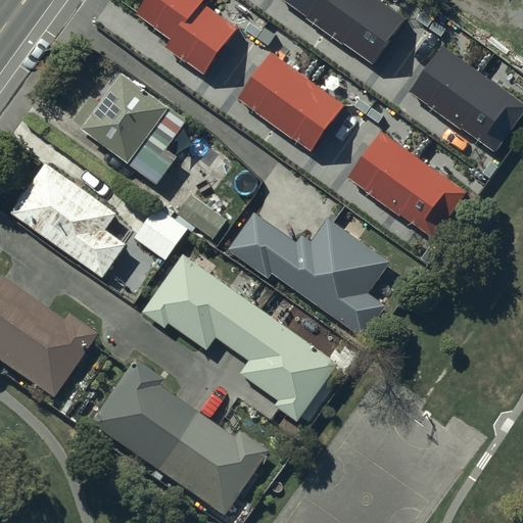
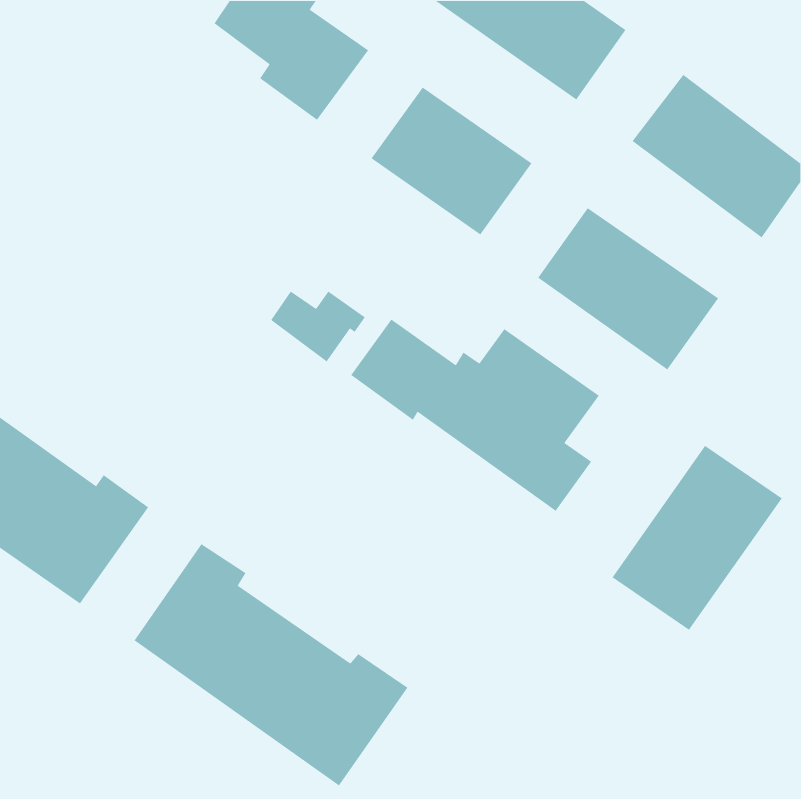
building: [72,68,188,182] -> none
building: [10,157,127,275] -> none
building: [134,204,188,258] -> none
building: [142,251,338,420] -> none
building: none -> [611,445,783,631]

